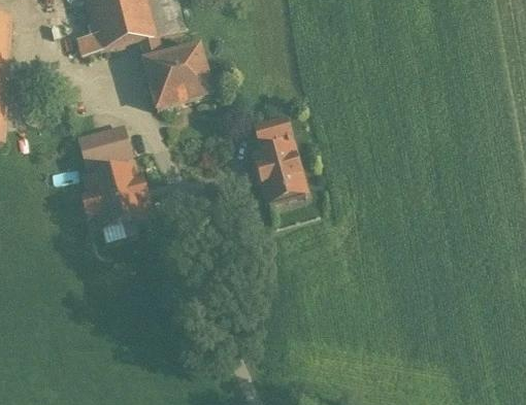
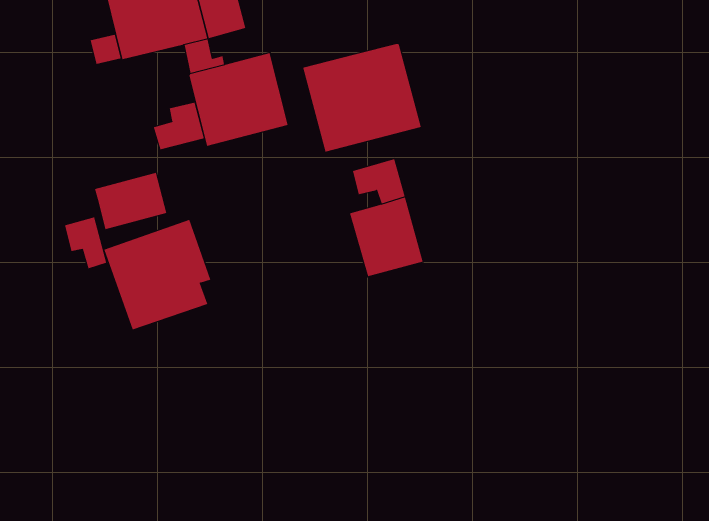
building: none -> [302,43,421,152]
building: none -> [153,102,205,150]
building: none -> [64,217,107,269]

